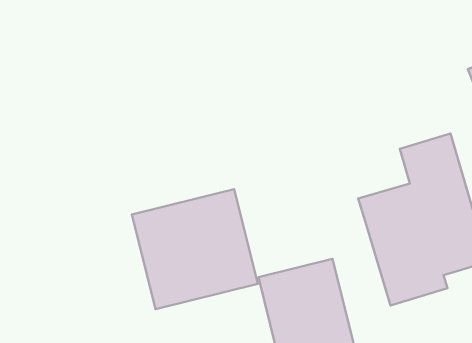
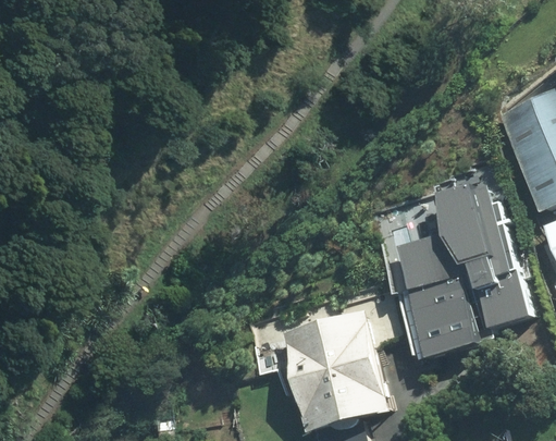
building: [132,189,258,309] -> none

